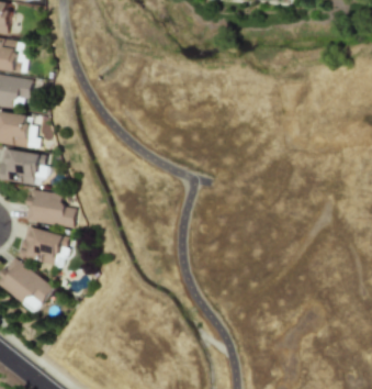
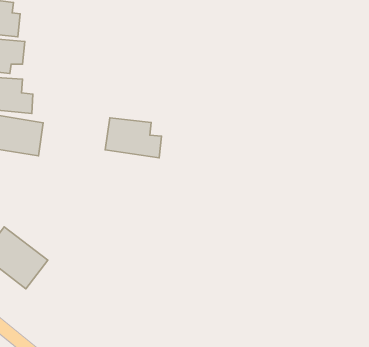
building: [24,189,78,227] -> [105,118,161,158]
building: [20,225,74,267] -> none

